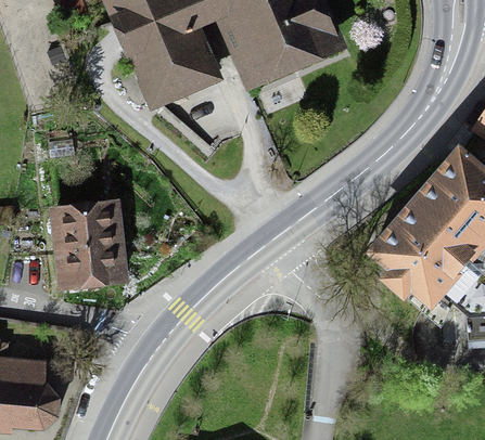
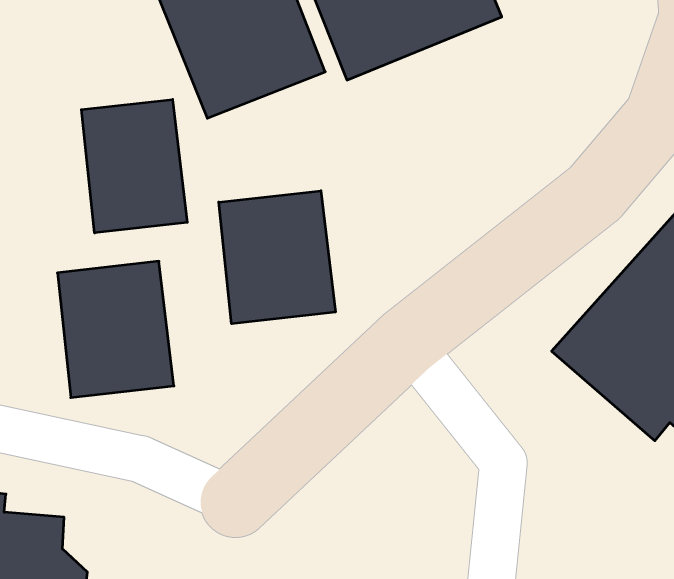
building: none -> [81,99,187,233]
building: none -> [219,191,335,324]

